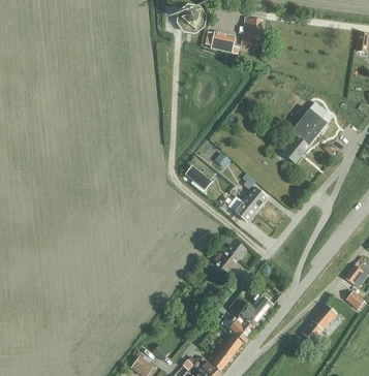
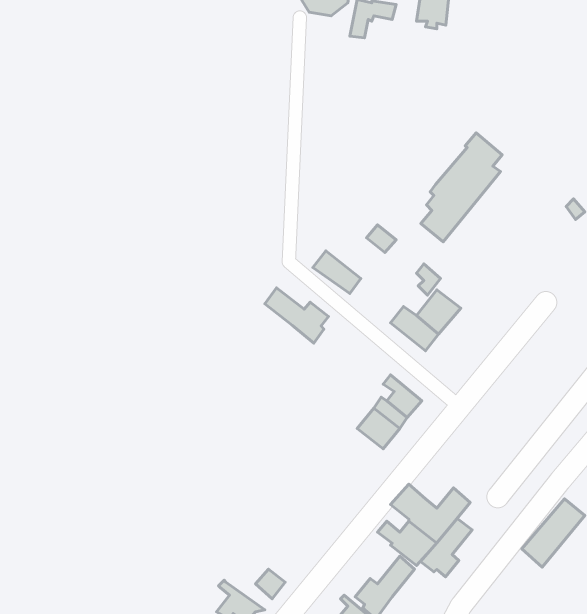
building: [283,102,329,163] -> [421,133,502,242]
building: none -> [265,288,329,343]
building: none -> [421,518,472,577]

